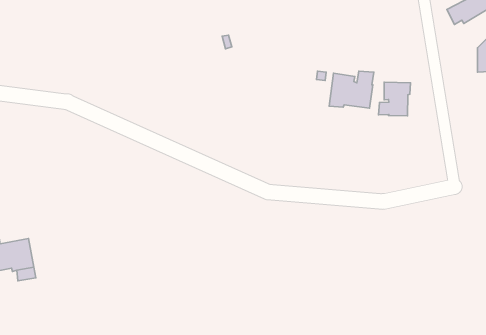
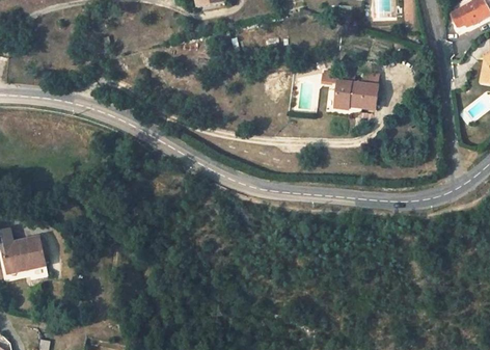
building: [378,82,411,116] -> none

